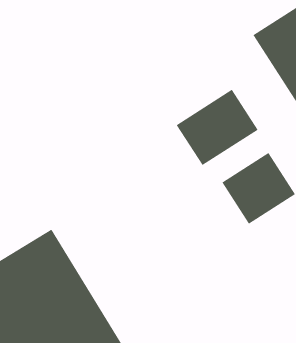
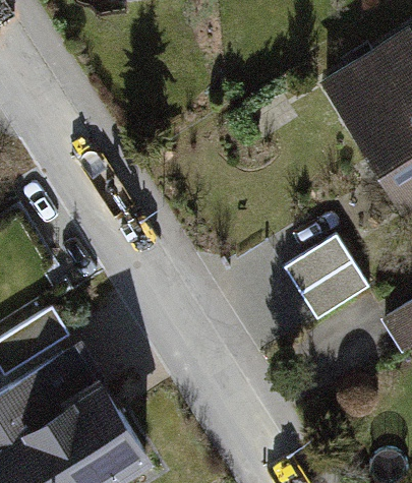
building: [176,89,258,166] -> none

